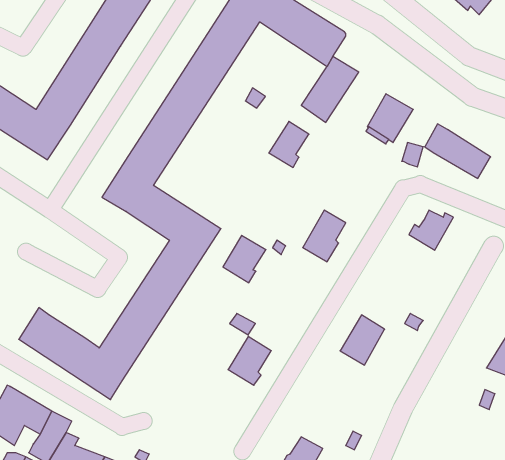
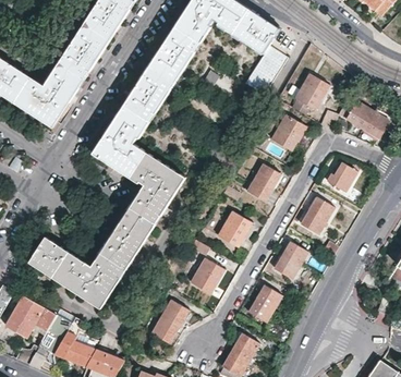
building: [269,121,309,167] -> [270,114,301,149]
building: [223,235,266,283] -> [217,211,250,247]
building: none -> [301,197,333,233]
building: none -> [248,285,281,323]
building: none -> [150,288,186,343]

